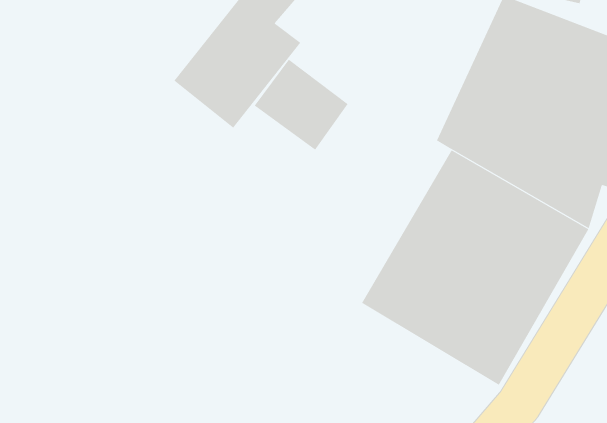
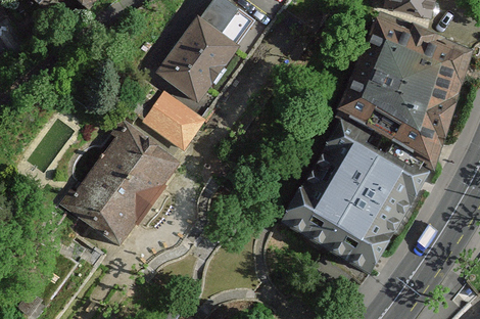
building: [254,59,348,151] -> [141,90,205,152]
building: none -> [57,121,183,247]

